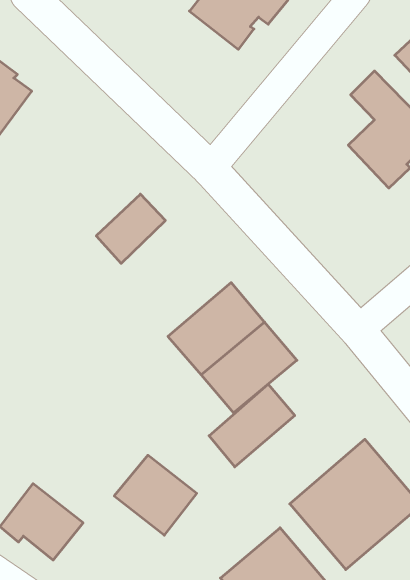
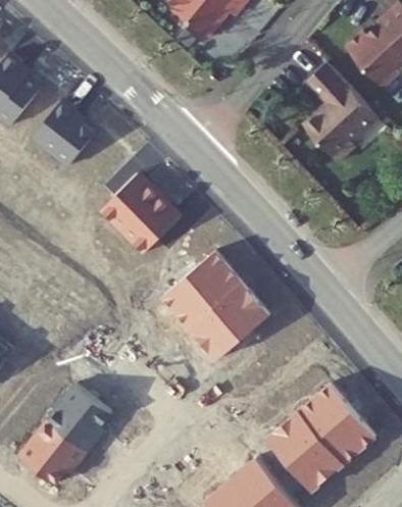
building: none -> [29,98,93,167]
building: none -> [118,195,178,253]
building: [209,384,295,467] -> none
building: [114,455,197,535] -> [43,385,113,453]

